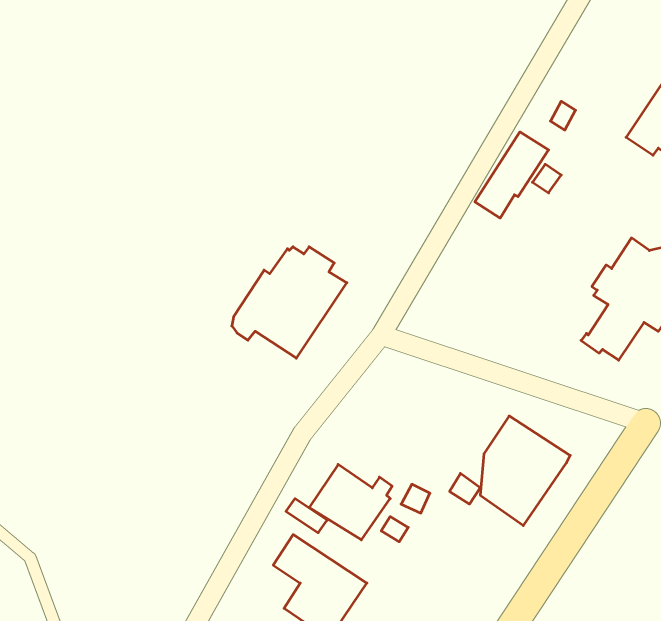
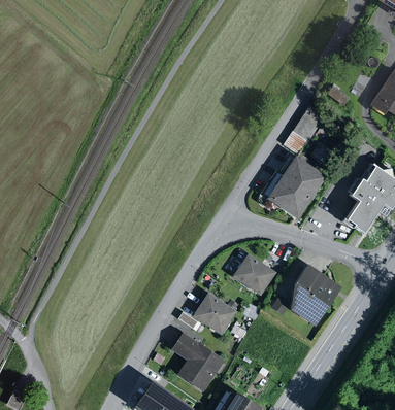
building: [232,247,347,358] -> [259,155,325,218]
building: none -> [231,252,276,296]

